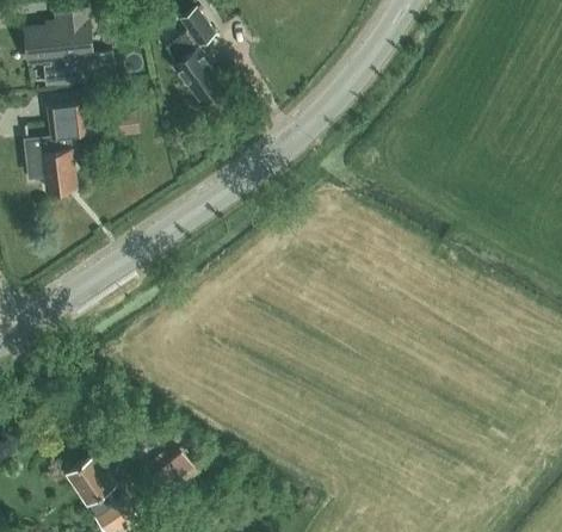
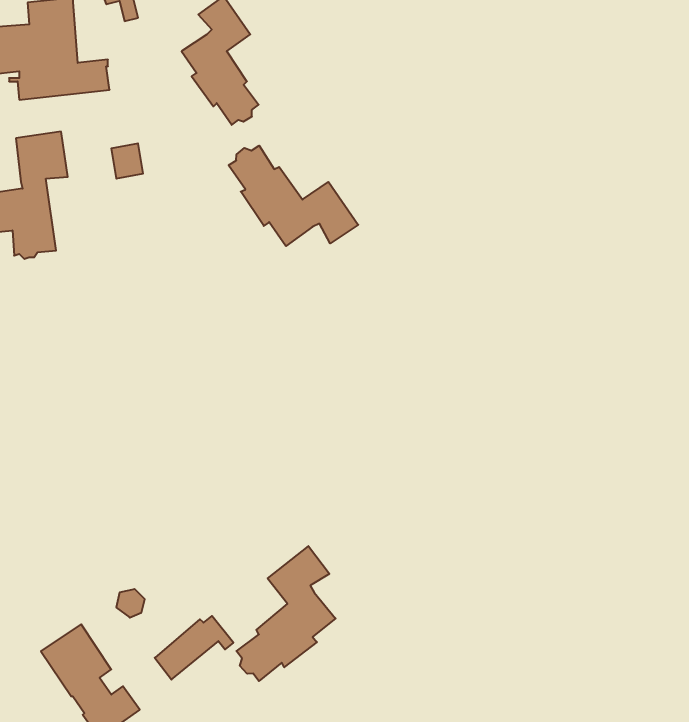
building: none -> [229,146,358,246]
building: none -> [236,546,336,681]

